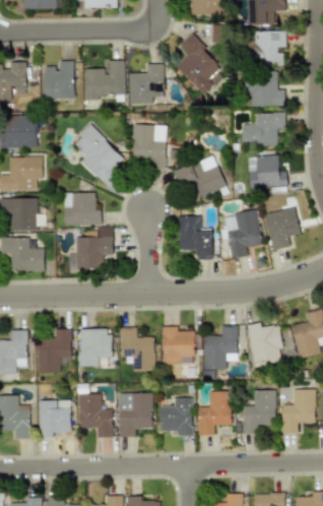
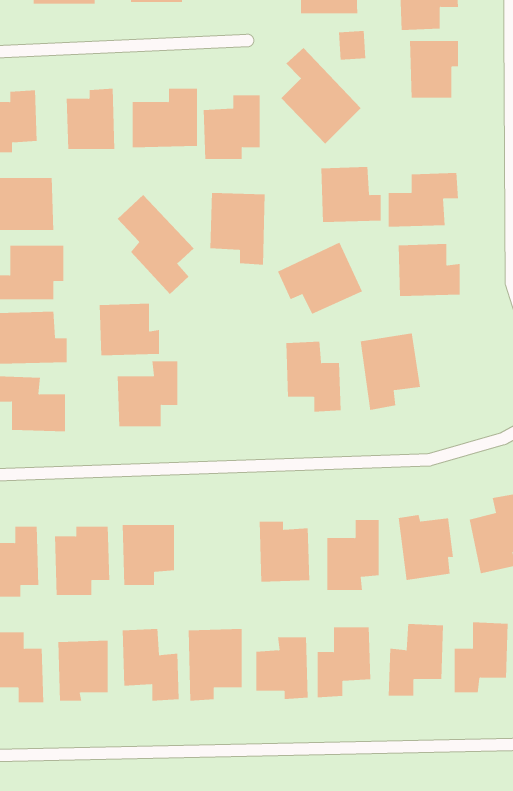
building: [247,72,284,107] -> [320,166,381,223]
building: [264,207,301,250] -> none
building: [121,327,155,370] -> none

